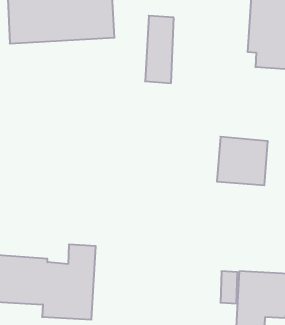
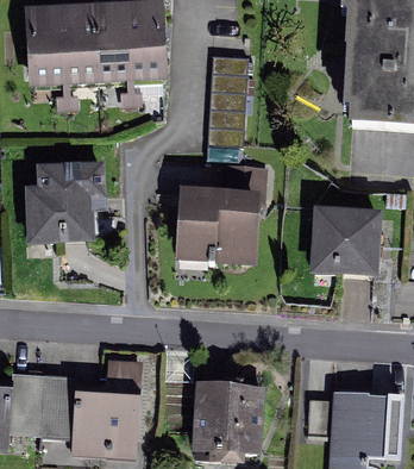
building: none -> [30,165,106,240]
building: none -> [164,169,258,274]
building: none -> [196,383,263,452]

